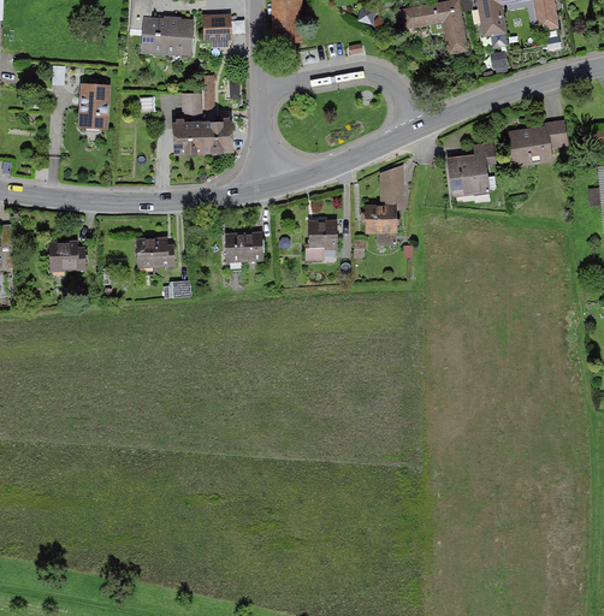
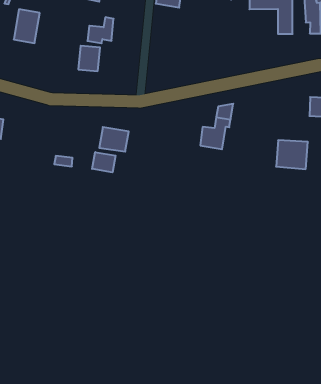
building: [202,118,231,153] -> none
building: [445,154,491,196] -> [276,140,308,169]
building: [307,218,339,248] -> none
building: [136,237,174,271] -> none
building: none -> [92,152,116,172]

